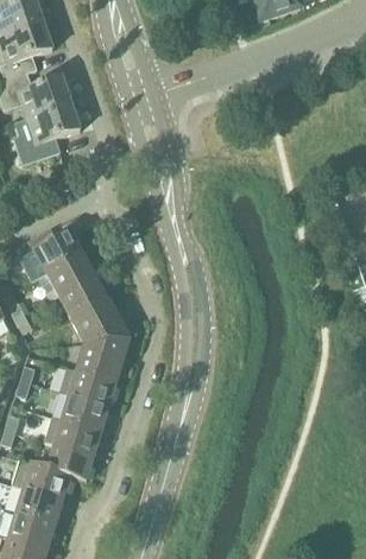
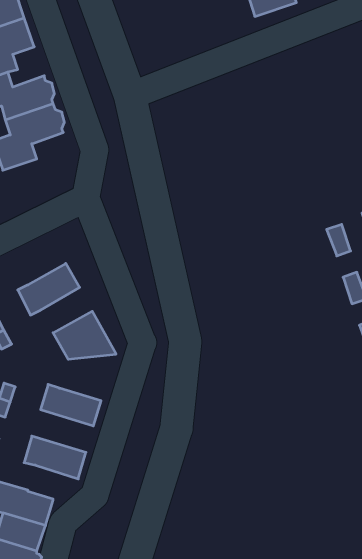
building: [33,229,82,273] -> none
building: [58,275,107,318] -> none
building: [76,338,130,382] -> none
building: [50,390,108,431] -> none
building: [46,443,94,481] -> none

